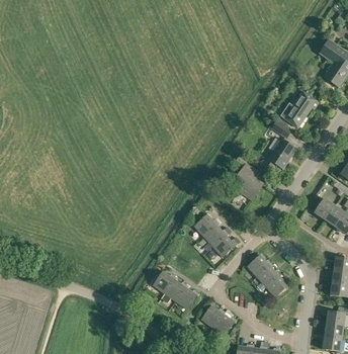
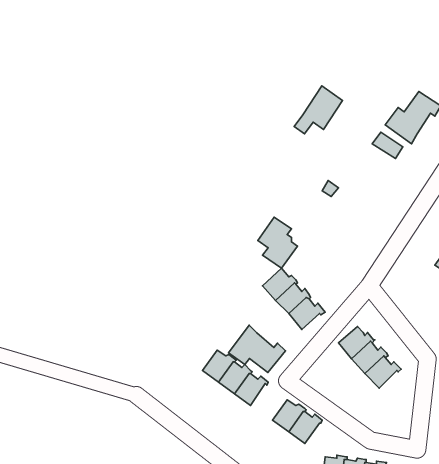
building: [262,139,295,172] -> [294,86,342,134]
building: [235,164,262,199] -> [258,217,297,268]
building: none -> [228,325,285,373]

